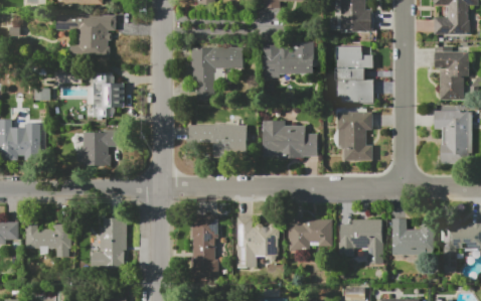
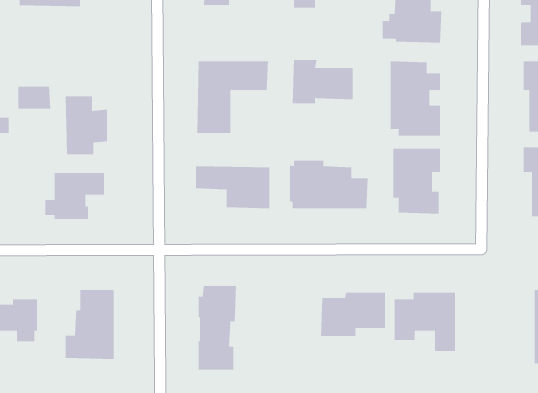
building: [55,14,116,58] -> none
building: [236,217,280,268] -> none
building: [390,218,439,255] -> none

